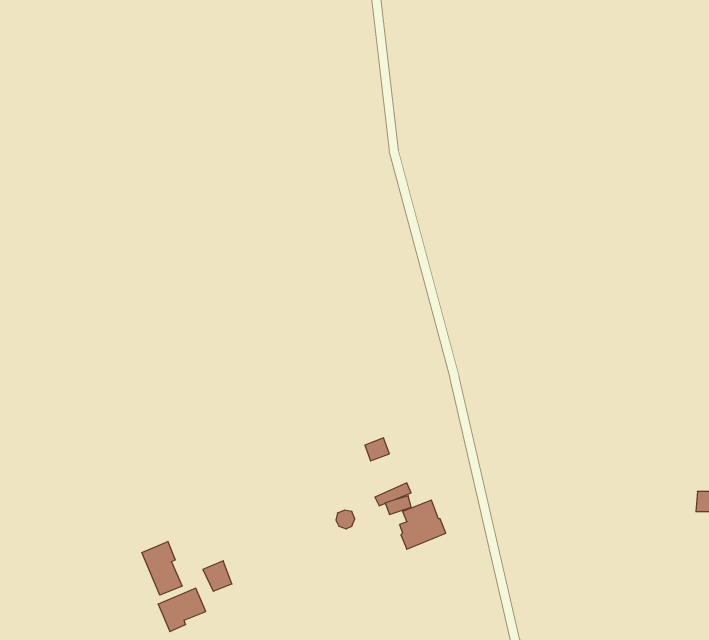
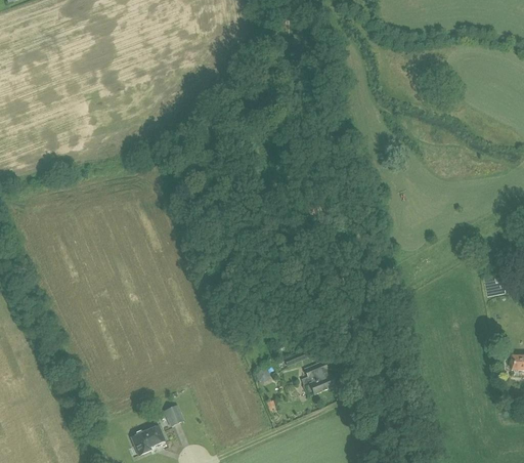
building: [142,541,182,595] -> none

